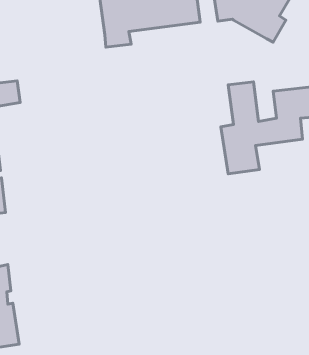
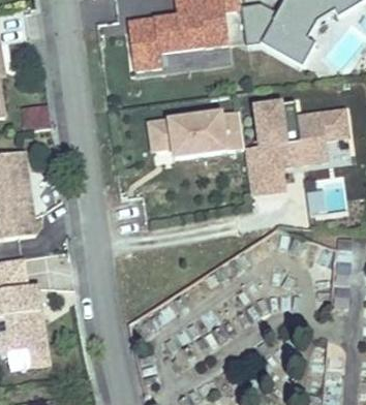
building: none -> [146,111,244,162]

